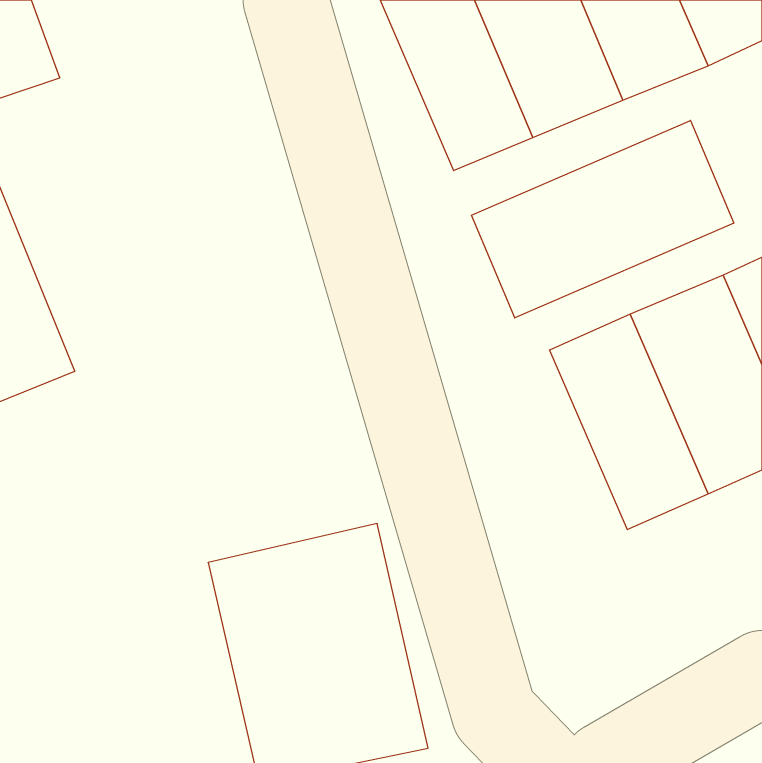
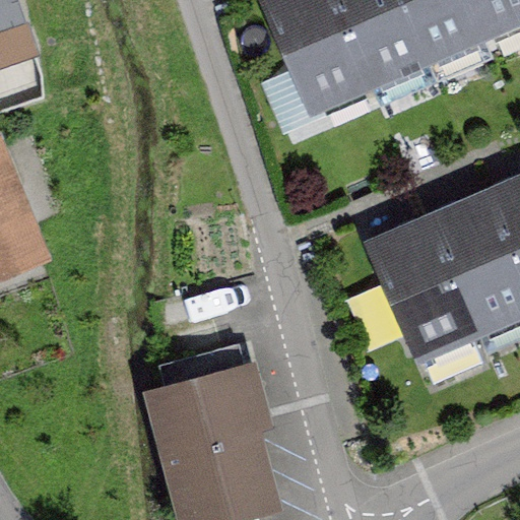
building: [471,120,734,318] -> none

